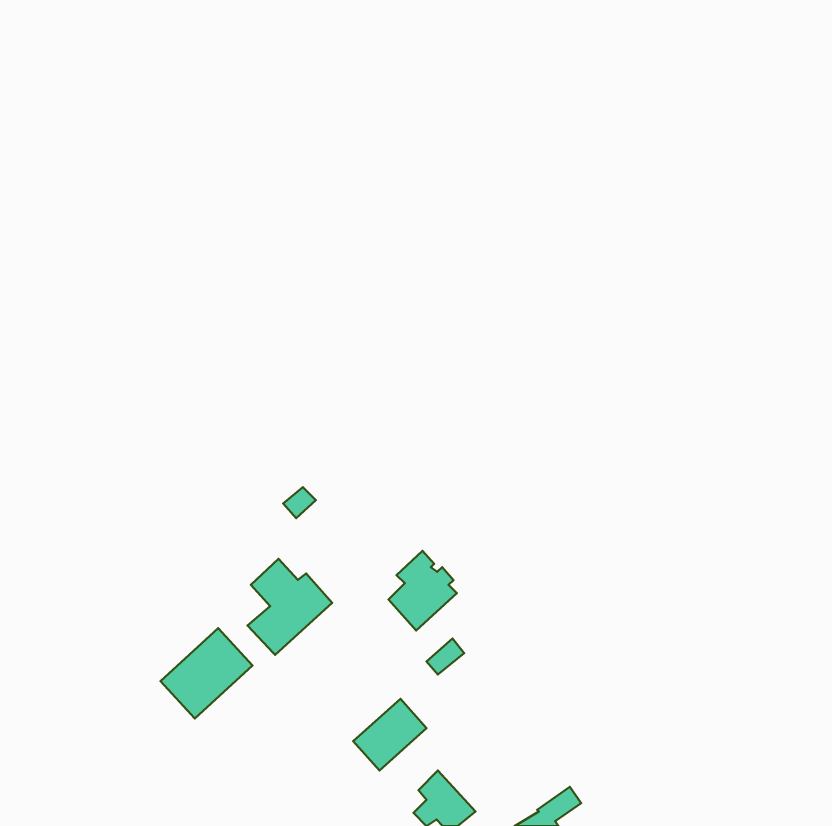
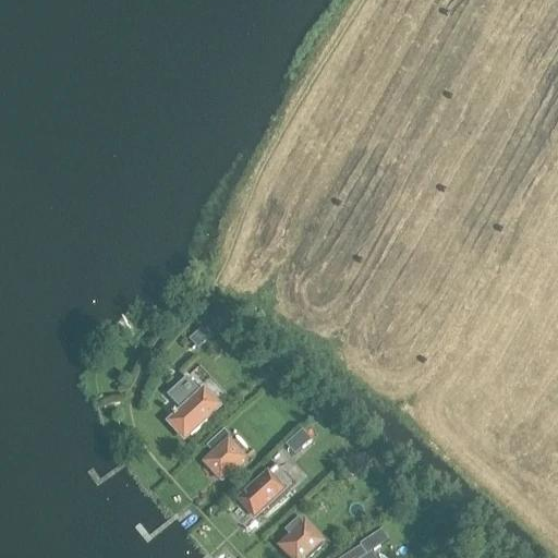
building: [388,551,457,631] -> [202,426,247,480]
building: [160,628,253,718] -> none

